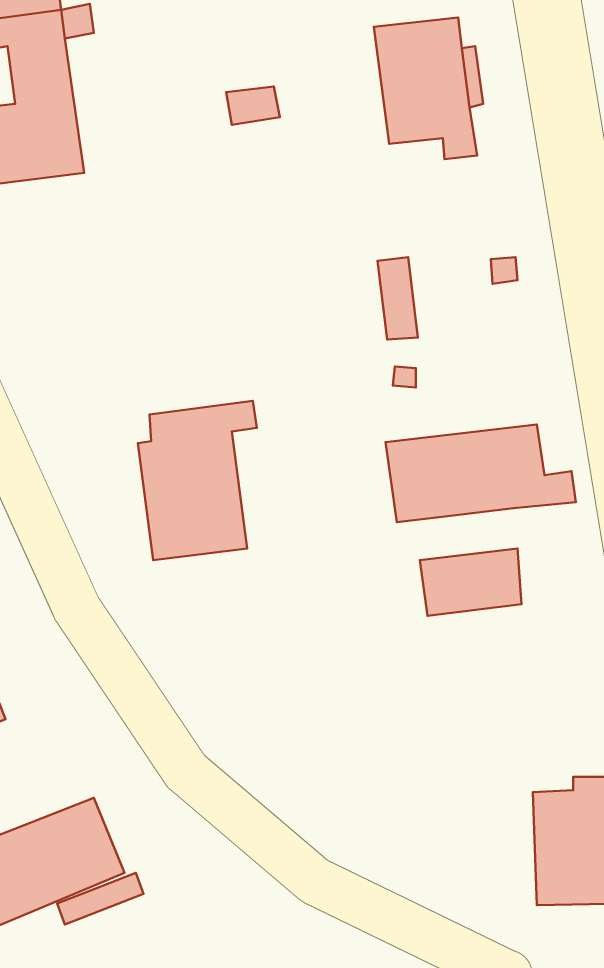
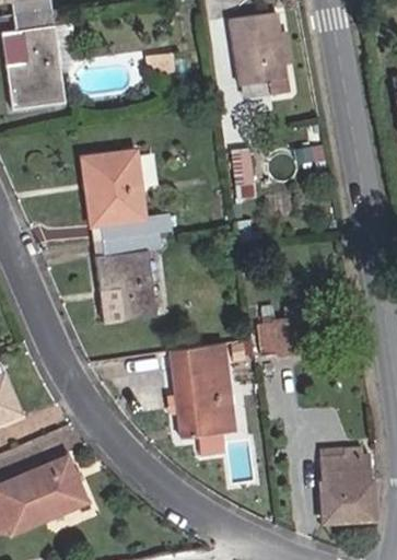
building: none -> [79,147,173,240]
building: [386,424,576,522] -> none
building: none -> [172,341,233,433]

